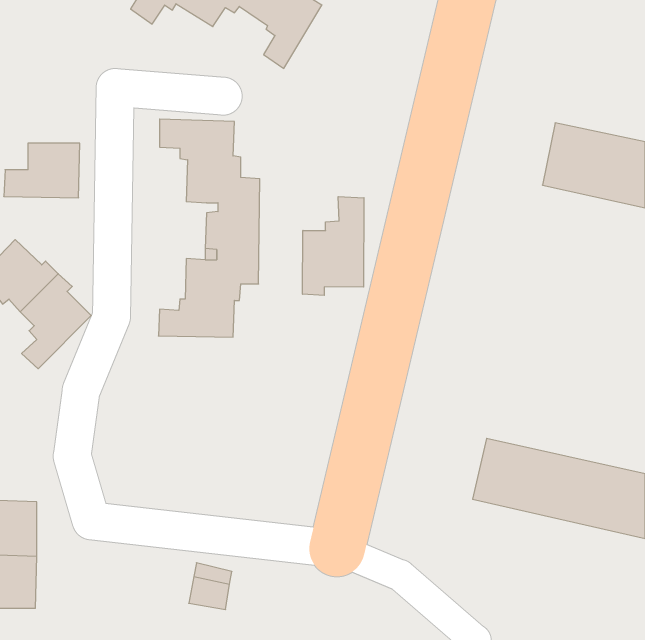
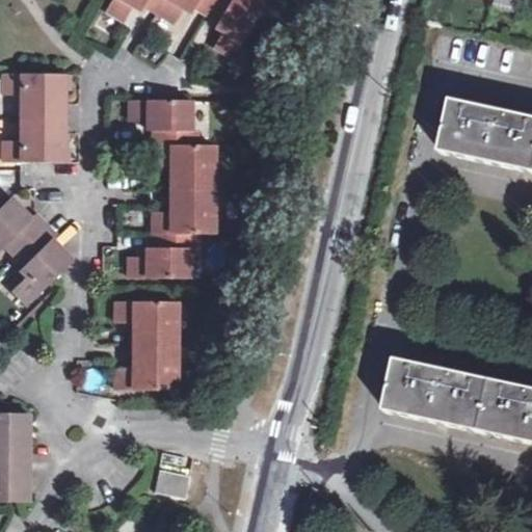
building: none -> [4,74,66,117]
building: [303,197,364,295] -> none
building: none -> [115,300,179,391]

